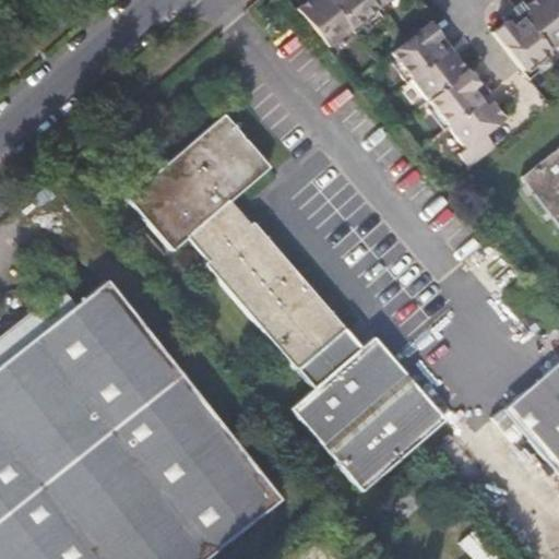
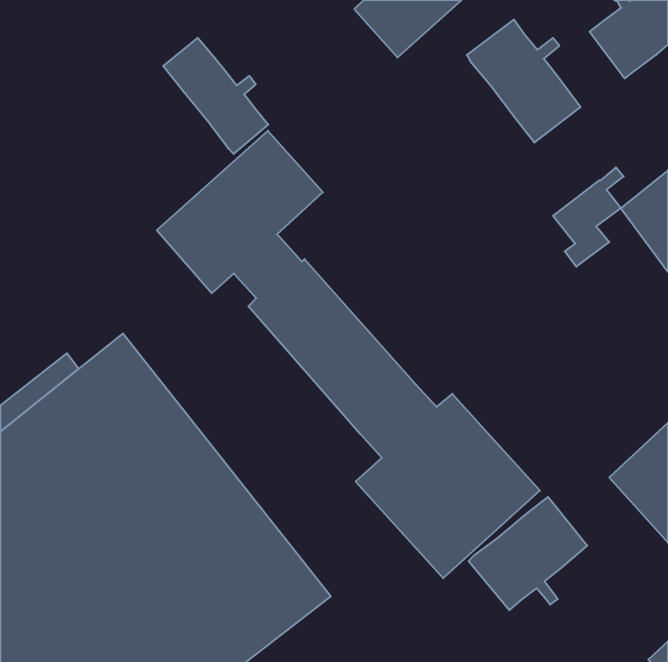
building: none -> [163,38,268,154]
building: [447,84,506,167] -> [553,167,624,267]
building: none -> [469,497,587,610]

